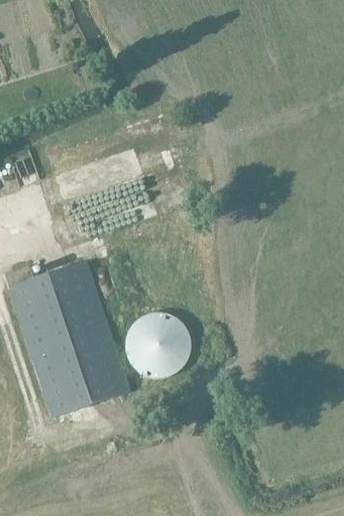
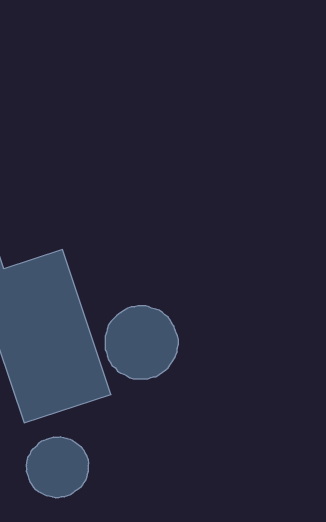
building: none -> [27,437,88,498]

